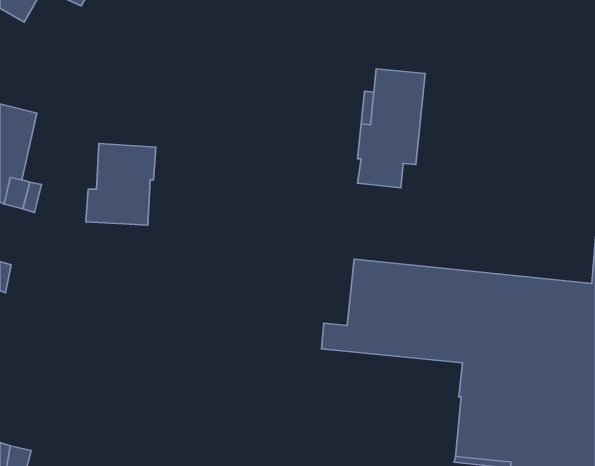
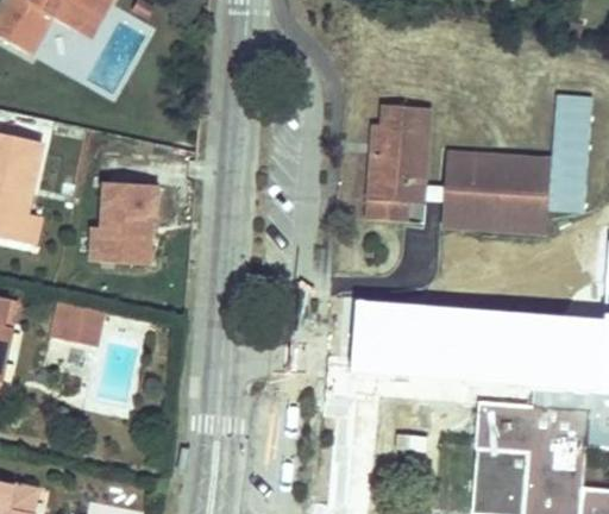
building: none -> [452,101,601,238]
building: none -> [55,301,102,338]

